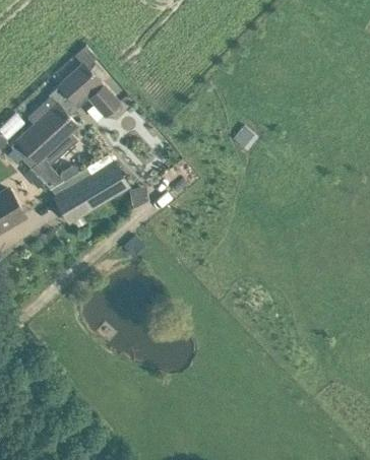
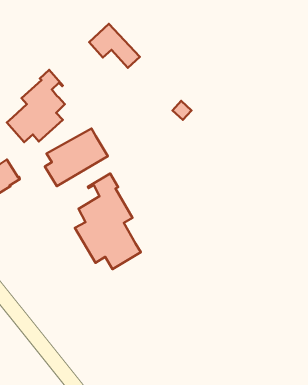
building: [60,66,120,118] -> [89,24,140,68]
building: none -> [75,173,141,269]

